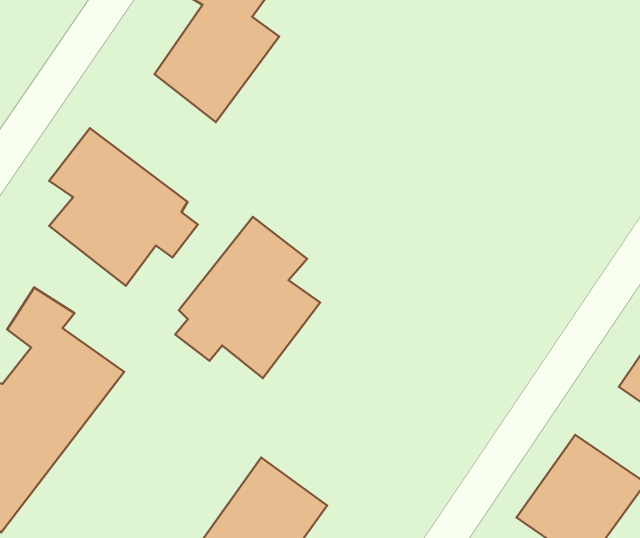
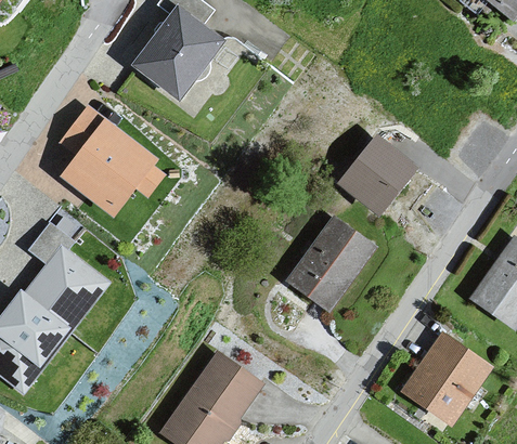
building: none -> [338,130,416,210]
building: [175,217,320,378] -> none
building: none -> [287,213,377,309]

